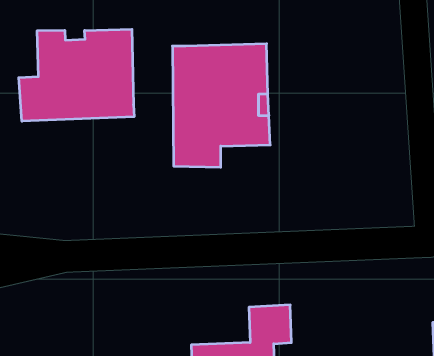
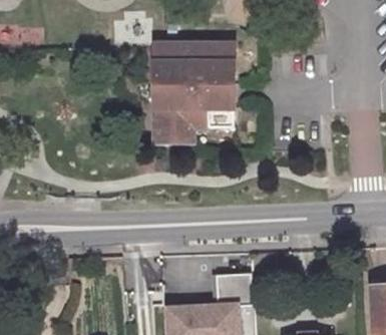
building: [19,29,134,121] -> none

